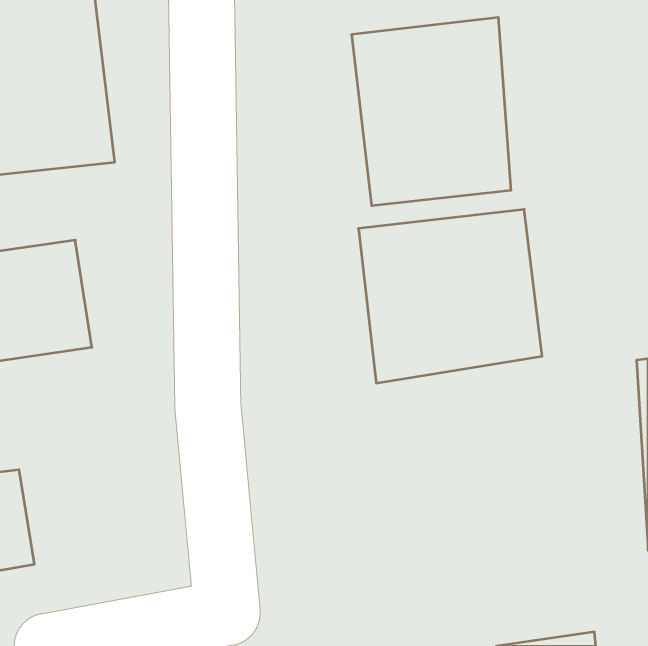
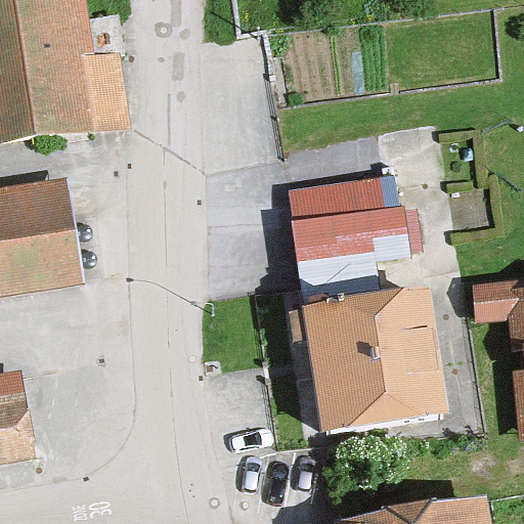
building: [352,17,511,206] -> none
building: none -> [302,286,456,438]

